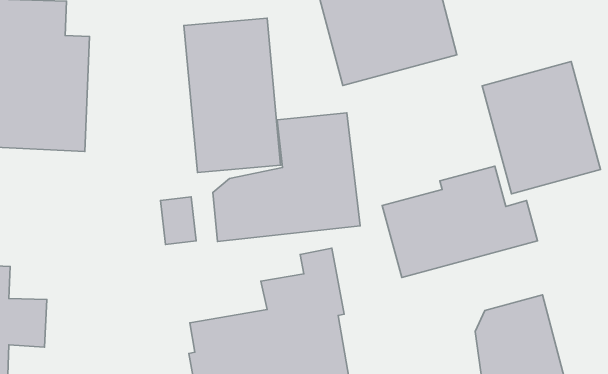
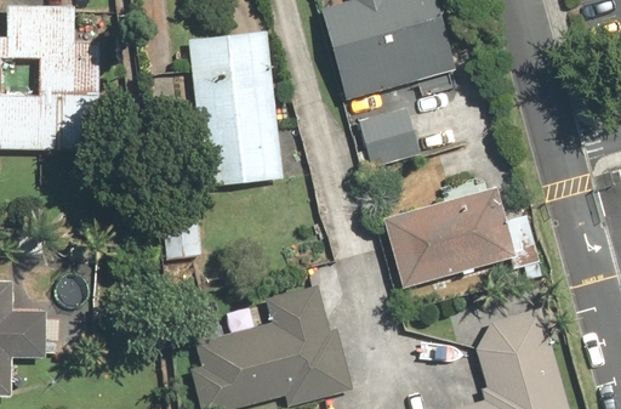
building: [482,62,601,194] -> none
building: none -> [357,107,418,167]
building: [213,113,360,242] -> none

